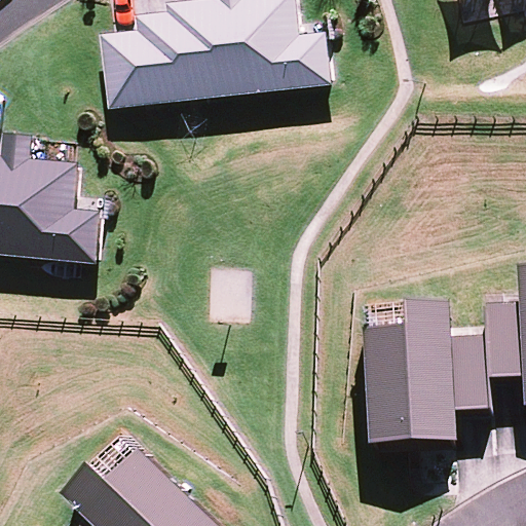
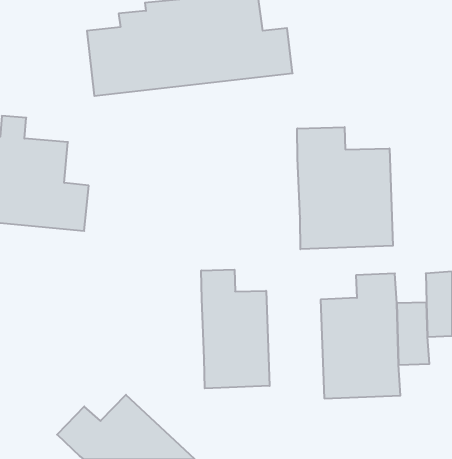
building: none -> [297,127,393,249]
building: none -> [201,270,270,388]

